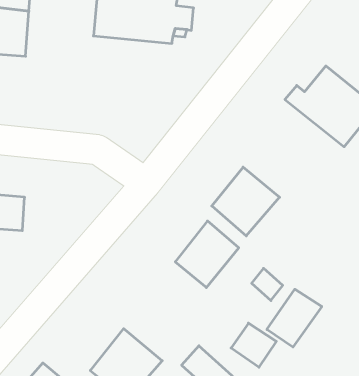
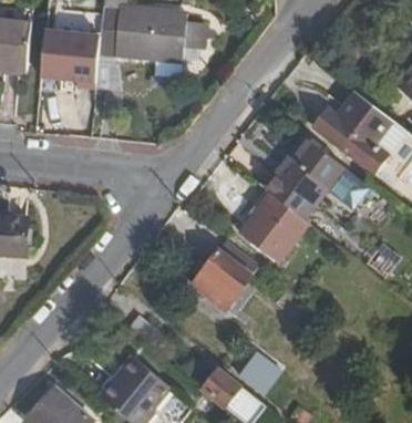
building: none -> [42,31,101,84]
building: none -> [254,132,358,215]
building: [267,289,322,347] -> none

